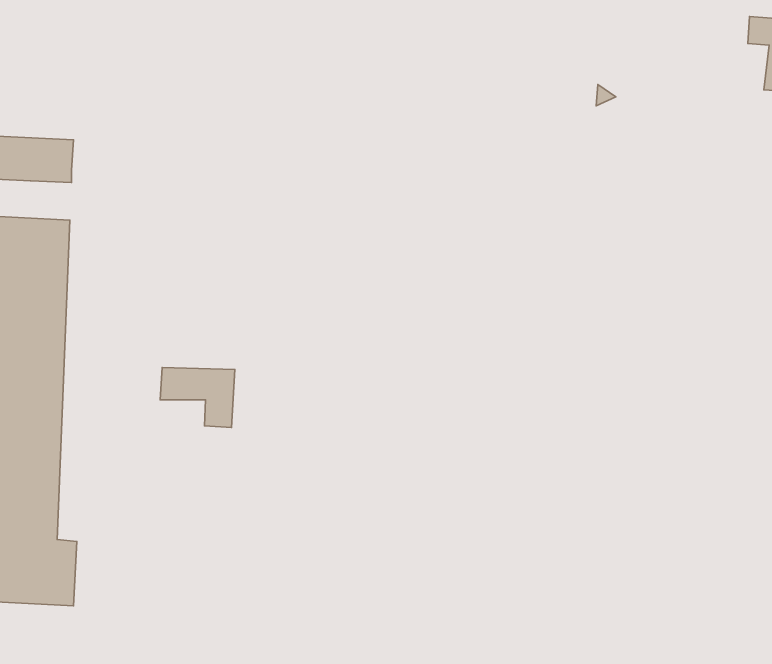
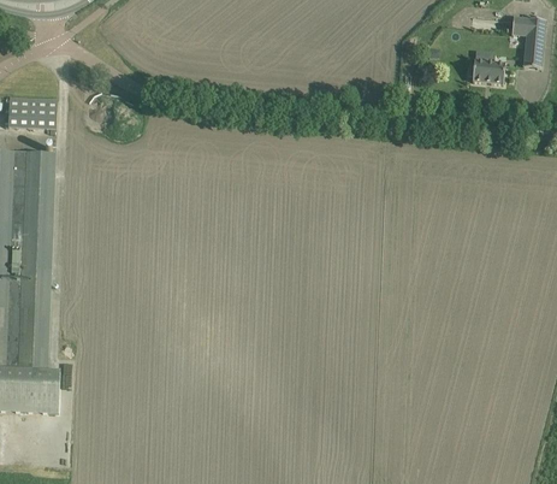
building: none -> [473,59,505,83]
building: [160,368,235,428] -> none

